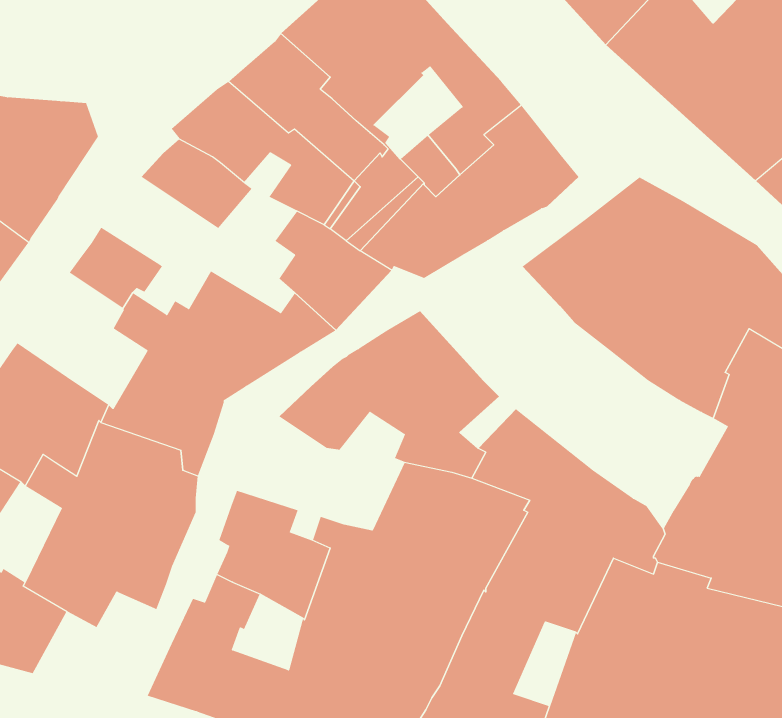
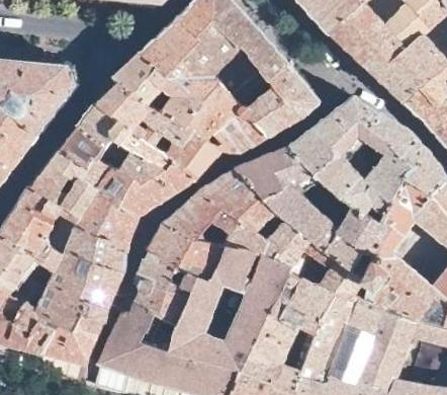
building: none -> [76,101,174,170]
building: none -> [238,147,393,280]
building: none -> [33,150,99,219]
building: none -> [145,223,230,281]
building: none -> [41,312,104,366]

